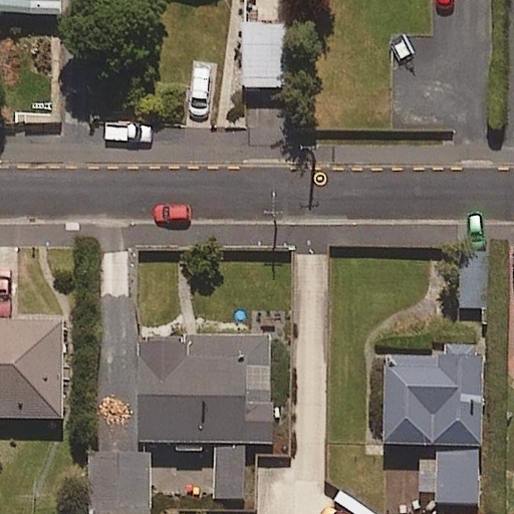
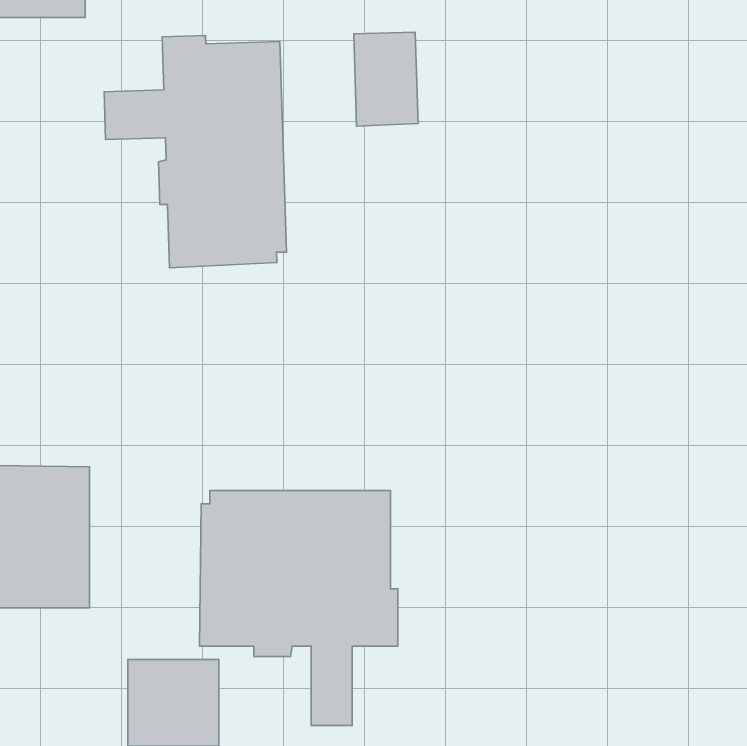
building: none -> [104,35,287,268]
building: [382,345,483,502] -> none

